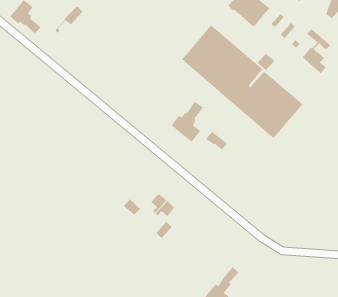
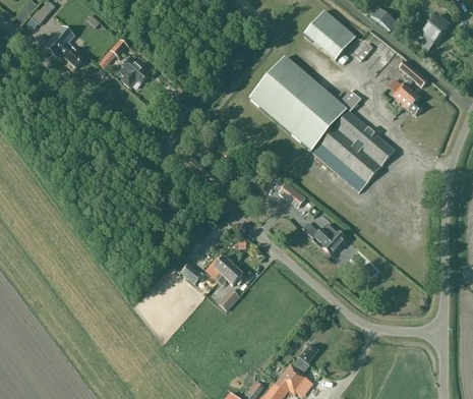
building: none -> [119,57,147,86]
building: [170,101,204,143] -> none
building: none -> [302,221,346,253]

